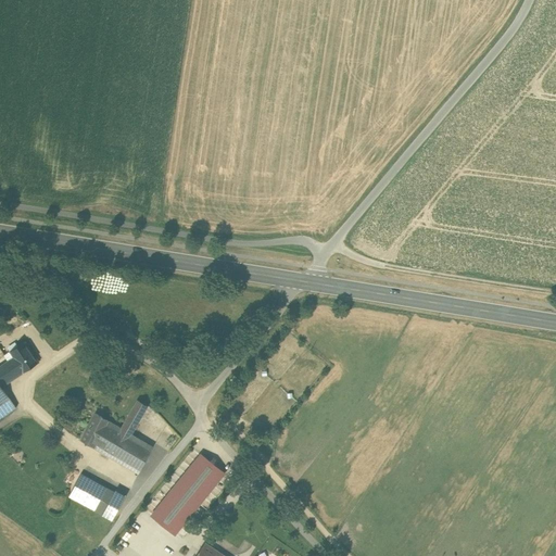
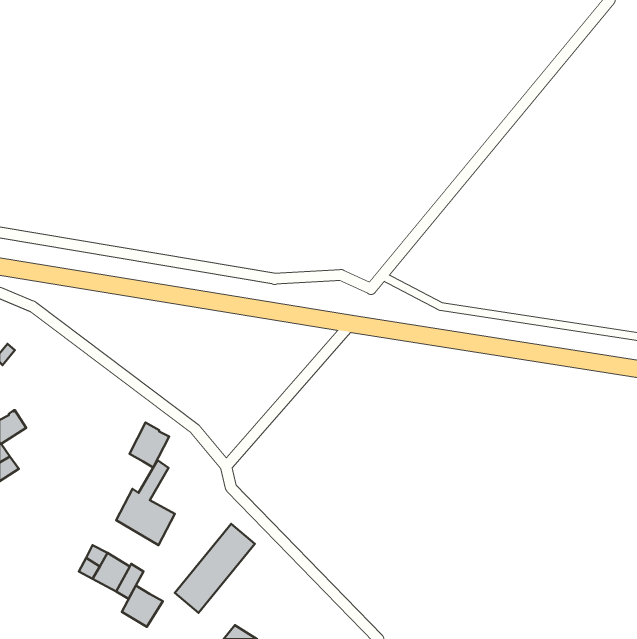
building: [9,341,38,371] -> none
building: [80,413,115,452] -> [129,423,169,468]
building: none -> [122,586,163,627]

